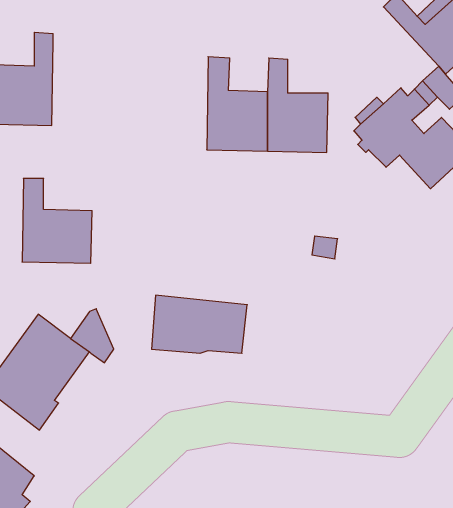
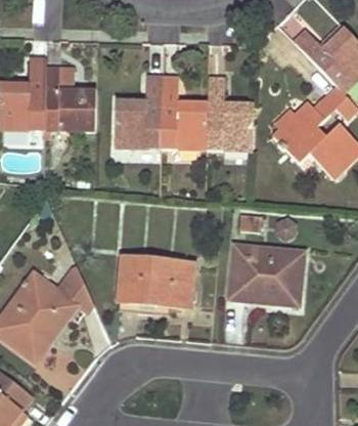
building: none -> [115,78,163,148]
building: [22,178,92,263] -> [44,67,97,131]
building: none -> [230,246,305,307]

